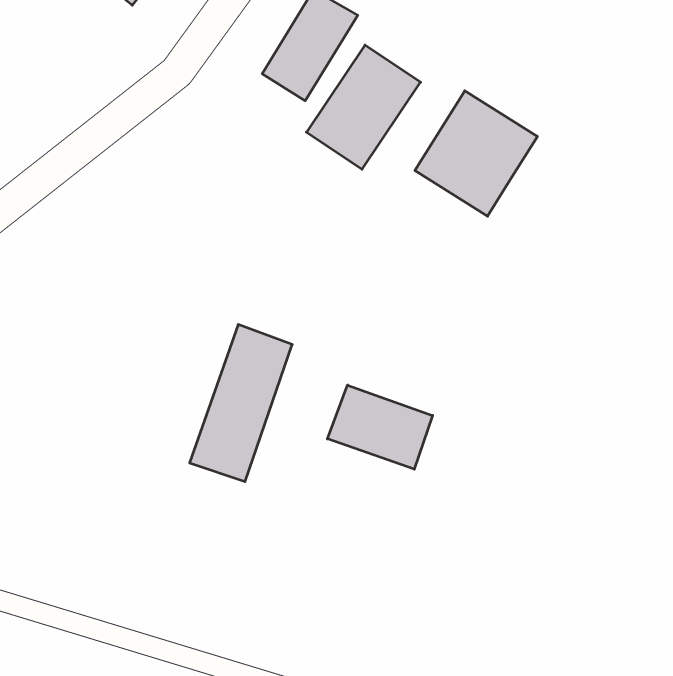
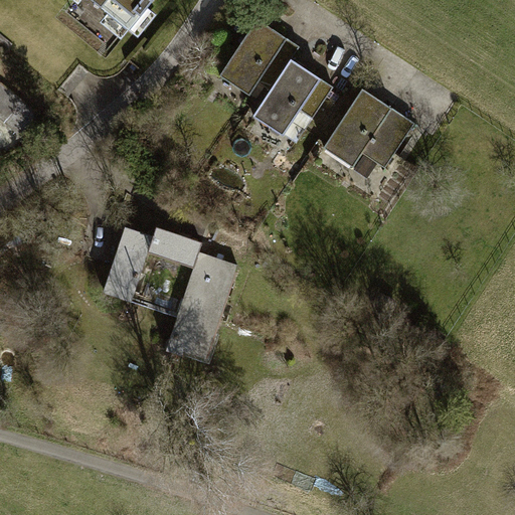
building: none -> [104,225,199,317]
building: [327,385,433,469] -> none

